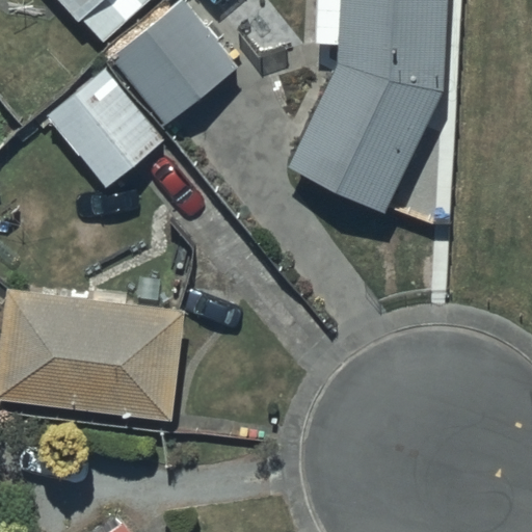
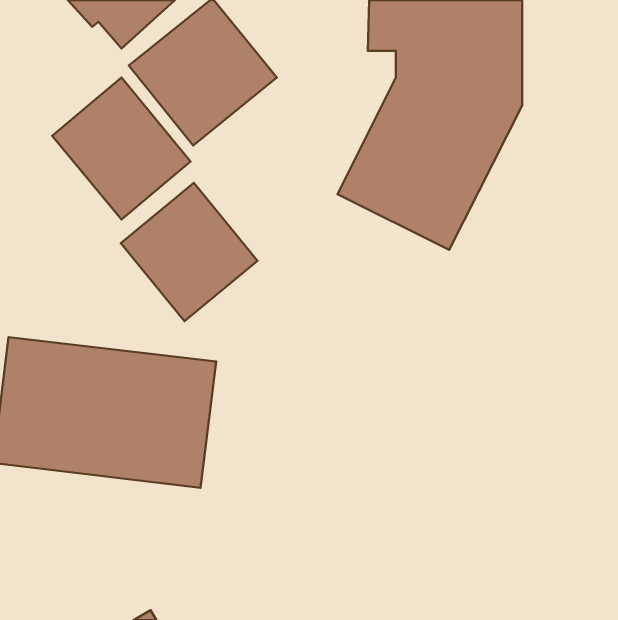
building: none -> [121,183,257,321]

